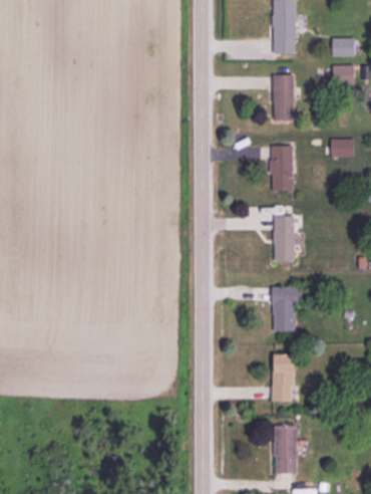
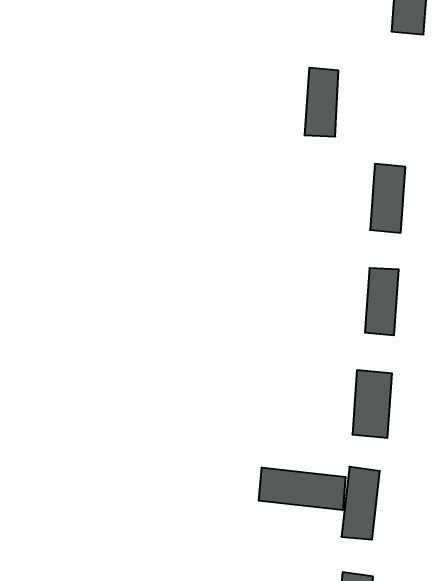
building: [273,74,295,120] -> [304,68,338,137]
building: none -> [259,467,346,510]

